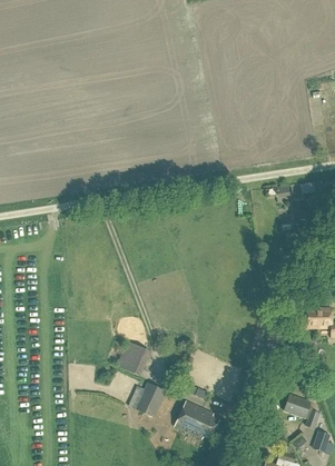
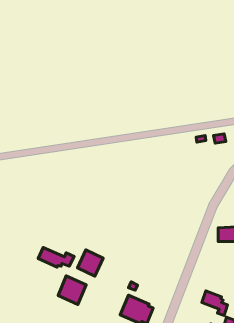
building: none -> [38,248,74,267]
building: [129,378,167,417] -> [58,276,86,305]

